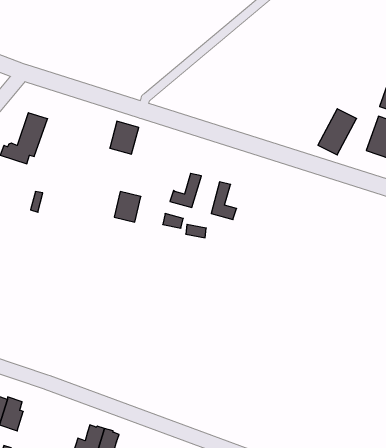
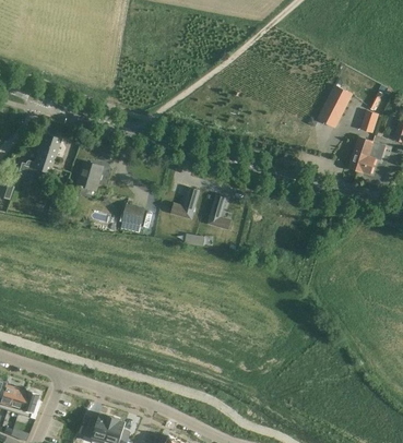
building: [318,109,357,155] -> [317,85,352,127]
building: [110,121,139,154] -> [75,160,102,190]

